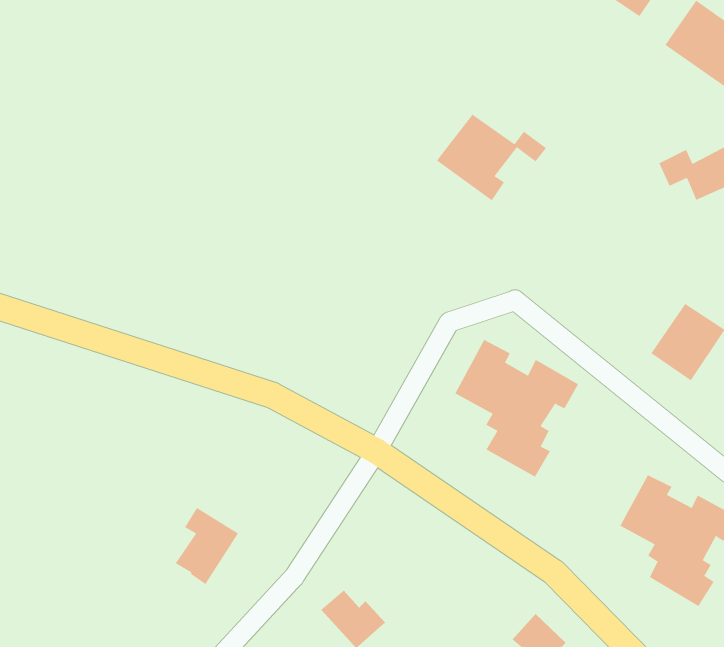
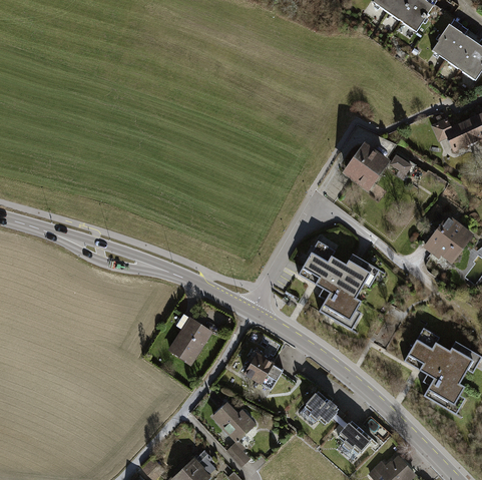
building: [436,114,547,201] -> [343,146,414,202]
building: [175,507,239,585] -> [166,314,207,364]
building: none -> [245,349,274,381]
building: none -> [303,390,337,424]

